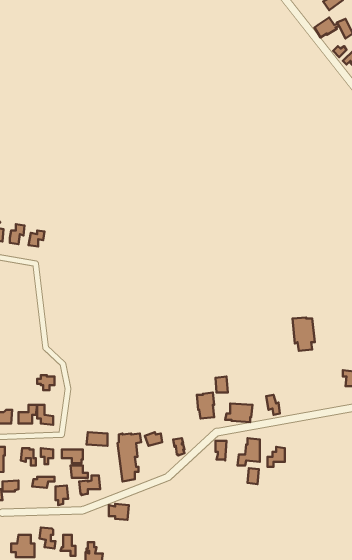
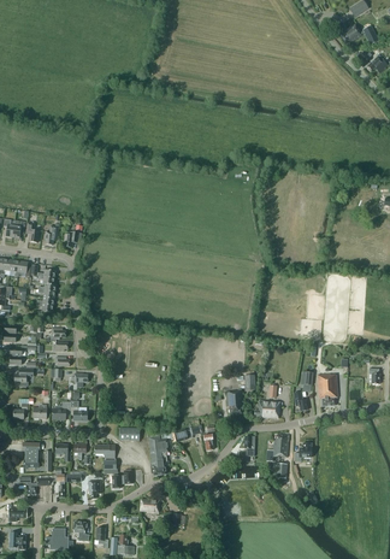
building: [292,317,315,351] -> [315,373,337,406]

